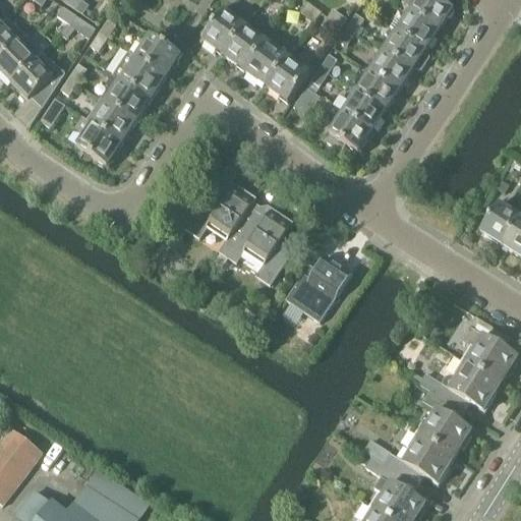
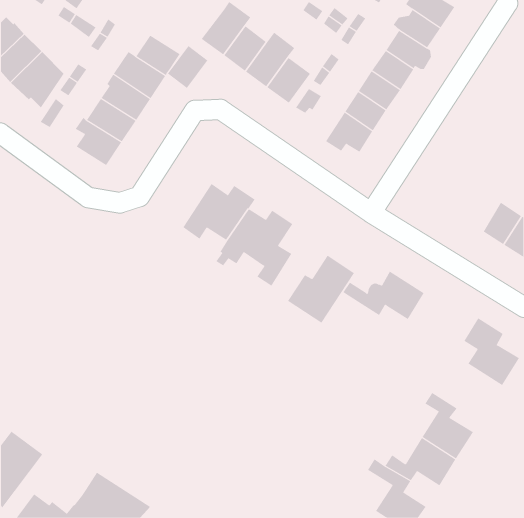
building: none -> [167,45,208,89]
building: [417,361,499,410] -> [342,271,425,320]

